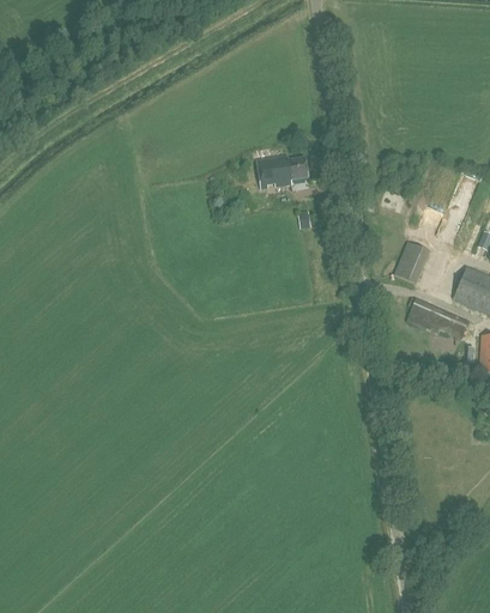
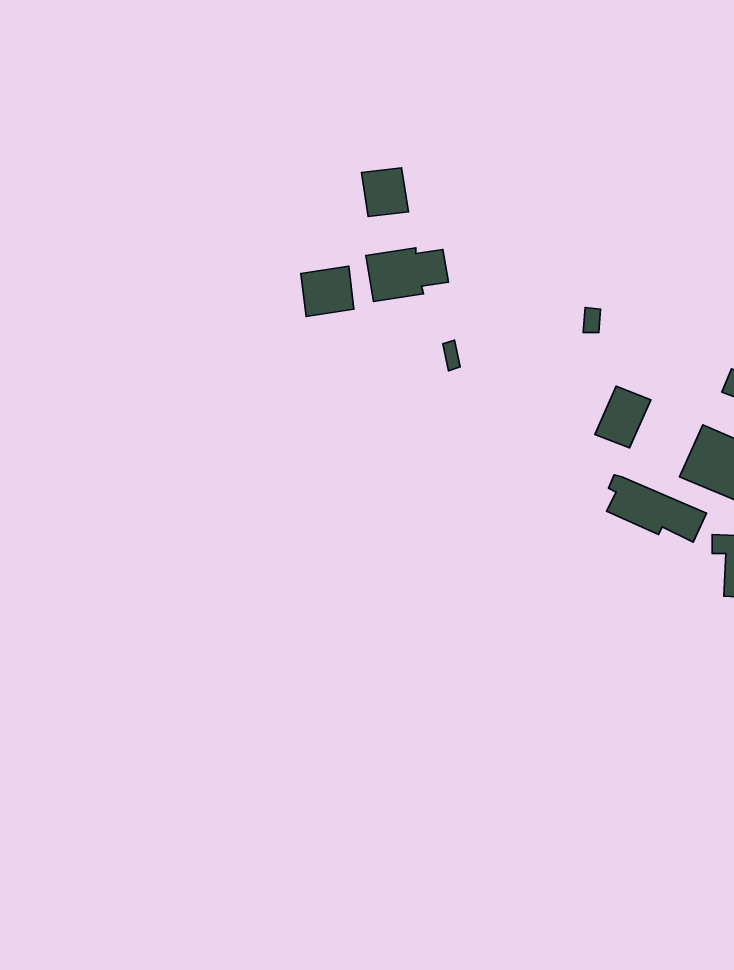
building: none -> [361,168,408,217]
building: none -> [301,266,354,317]

